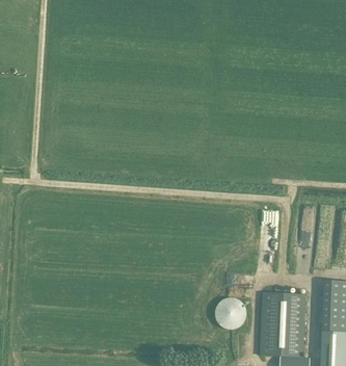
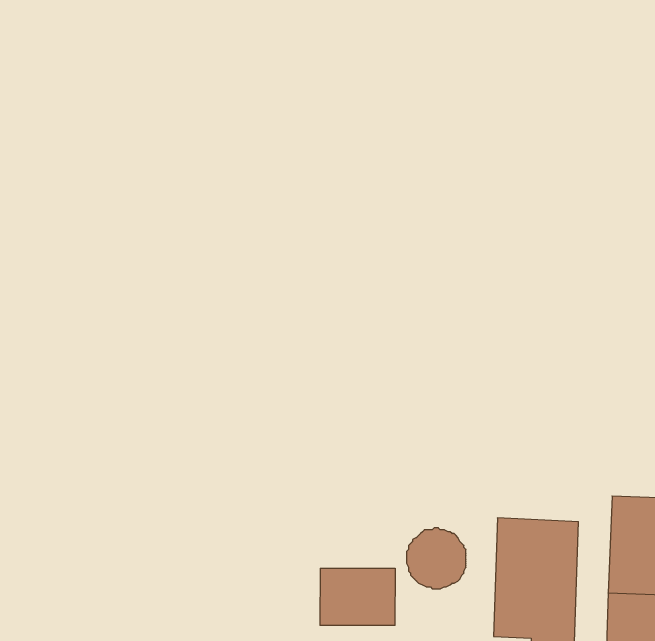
building: none -> [320,568,395,625]

